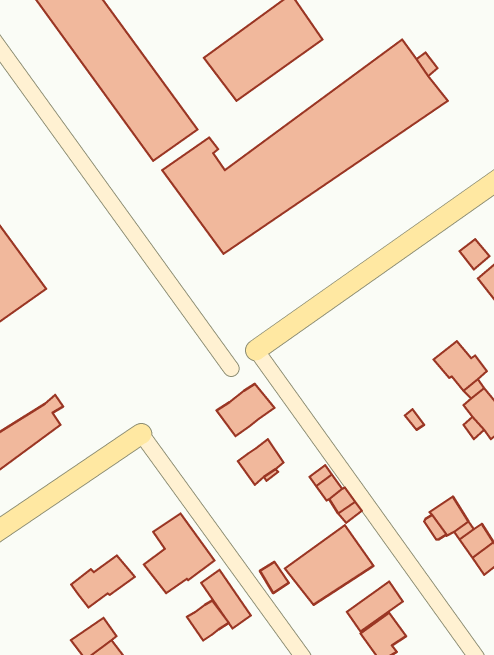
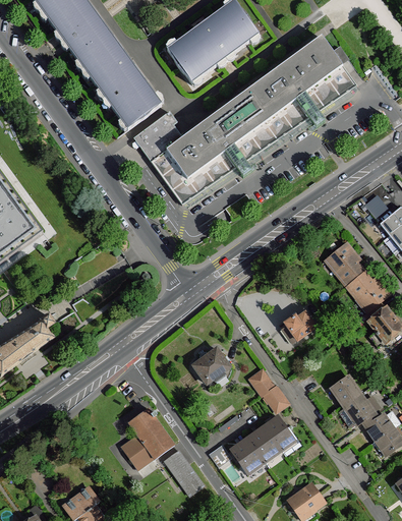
building: none -> [327,242,363,285]
building: [216,384,275,436] -> none
building: none -> [281,312,314,341]
building: none -> [331,375,360,404]
building: [71,555,135,608] -> none
building: [347,582,403,632] -> none
building: [187,600,229,640] -> none

